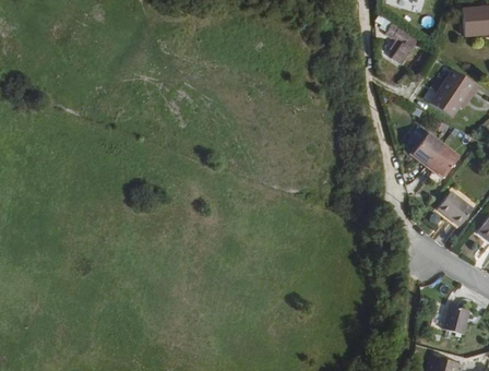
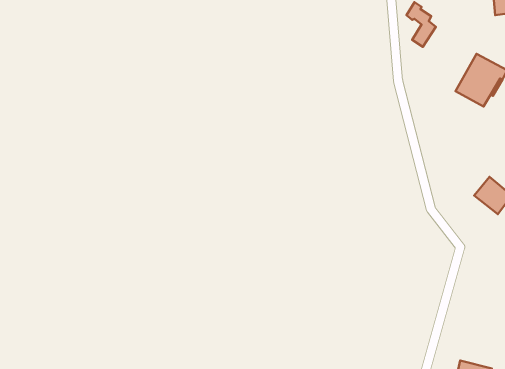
building: [419,129,463,170] -> none
building: [443,306,467,334] -> none

